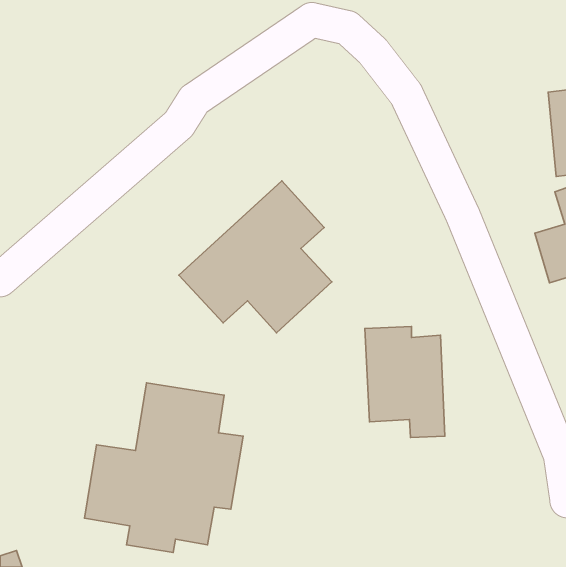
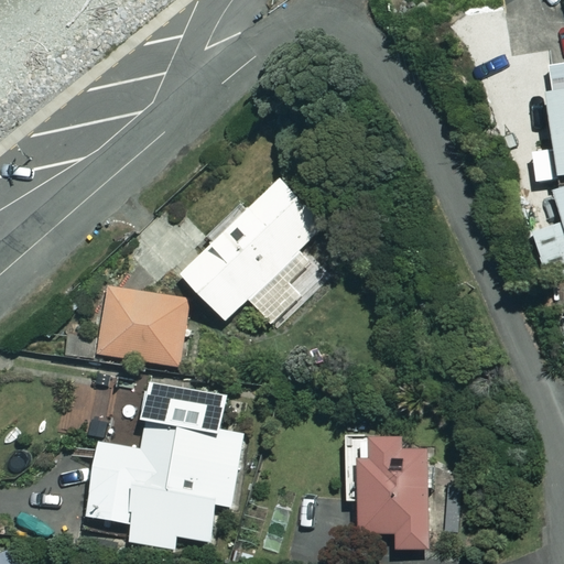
building: none -> [97,285,189,366]
building: [365,326,445,437] -> [349,438,429,549]

